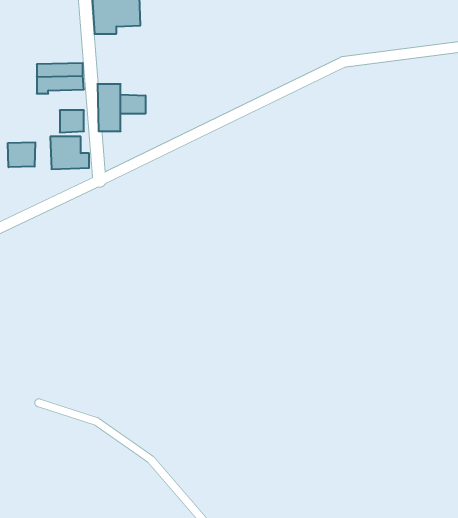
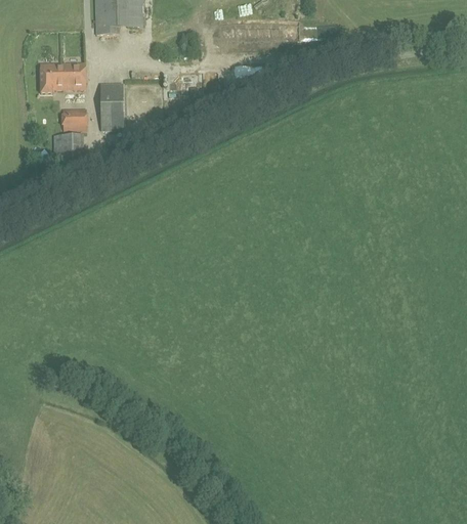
building: [121,94,145,114] -> none
building: [8,142,35,167] -> none

